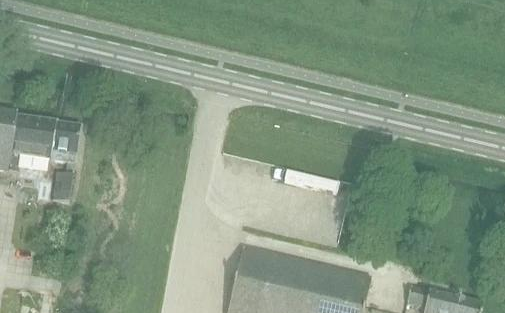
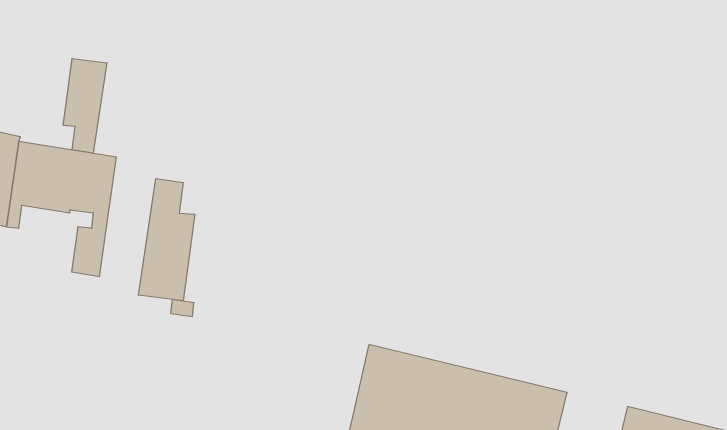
building: none -> [63,58,107,153]
building: none -> [138,179,195,301]

